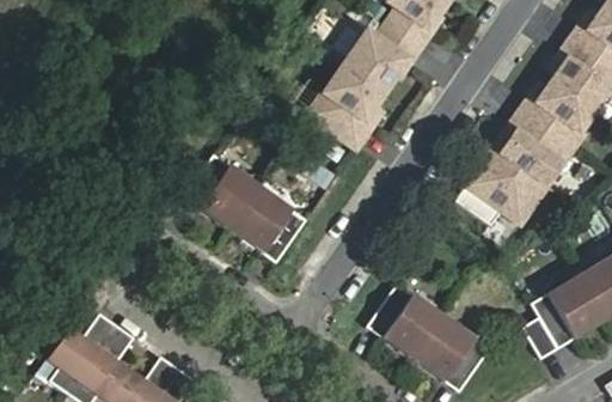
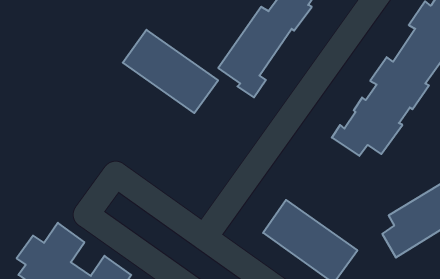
building: [184,153,308,262] -> [123,30,218,113]

